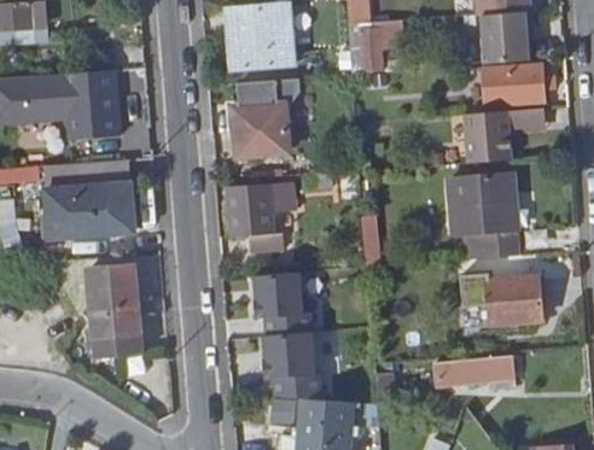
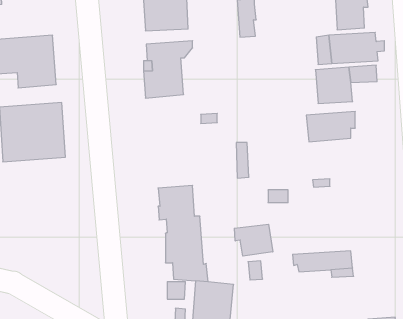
building: [227,180,298,249] -> none
building: [454,208,512,259] -> none
building: [83,256,138,360] -> none
building: [489,276,542,325] -> none
building: none -> [234,224,273,256]

